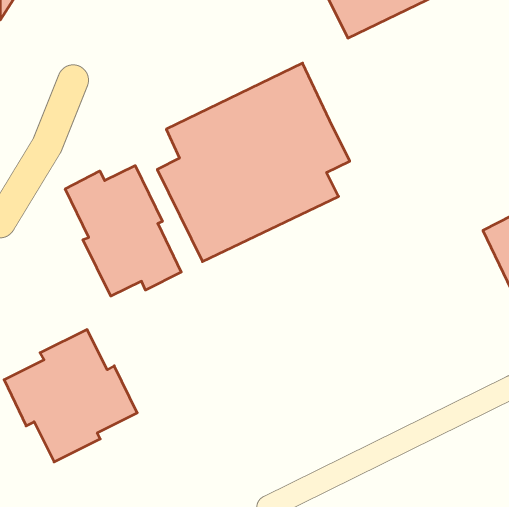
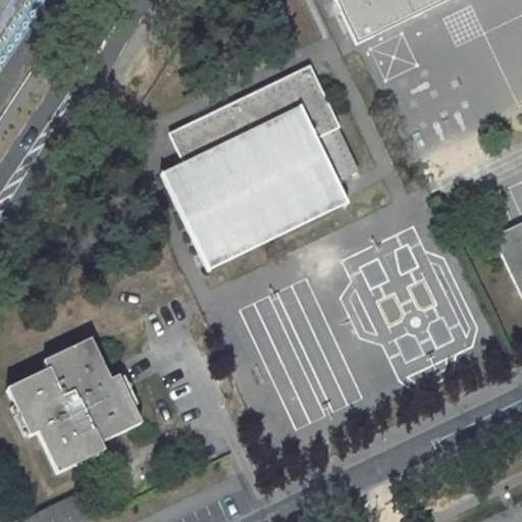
building: [65,166,181,296] -> none

